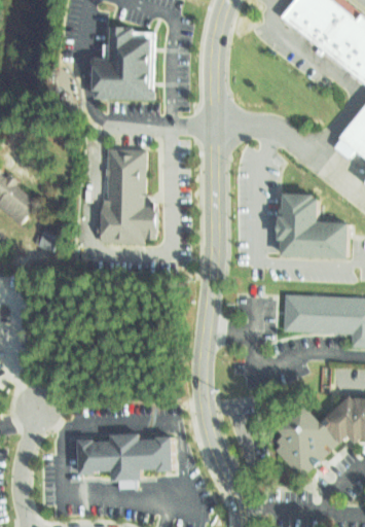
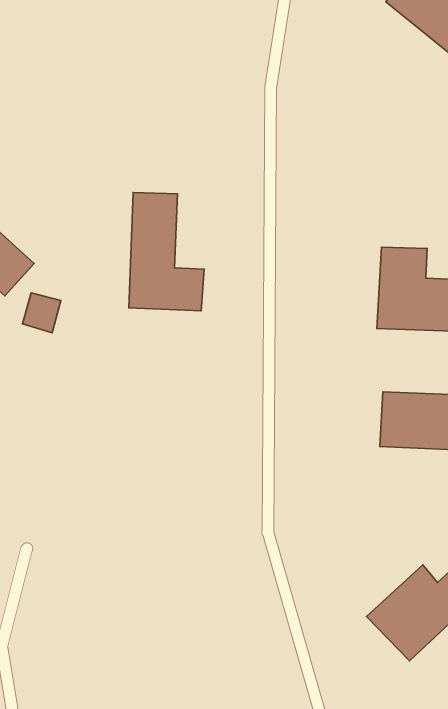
building: [97,24,151,100] -> none
building: [80,435,168,483] -> none

